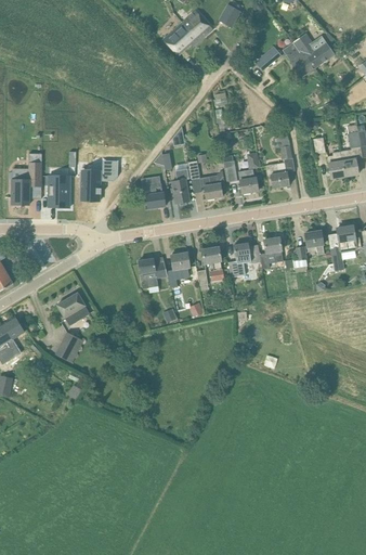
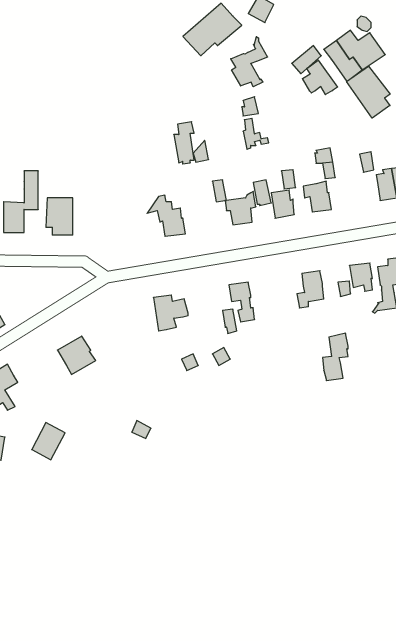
building: none -> [231,37,268,87]
building: none -> [302,60,338,95]
building: none -> [347,66,390,118]
building: [79,160,118,201] -> none
building: [172,169,189,205] -> [174,122,194,164]
building: [228,242,250,282] -> [323,333,348,381]
building: [168,251,189,287] -> none
building: [55,331,83,362] -> [32,423,65,460]

